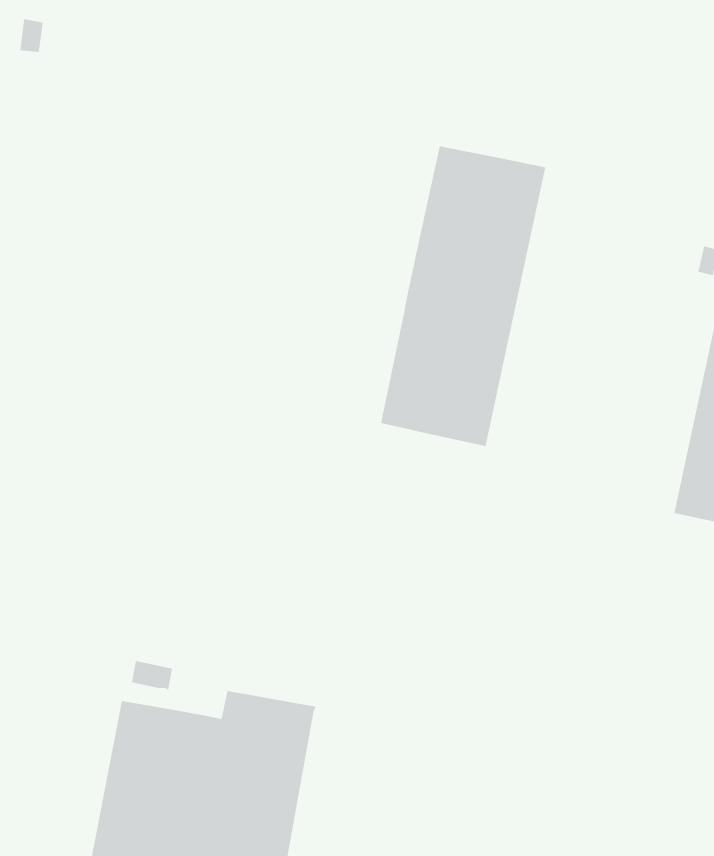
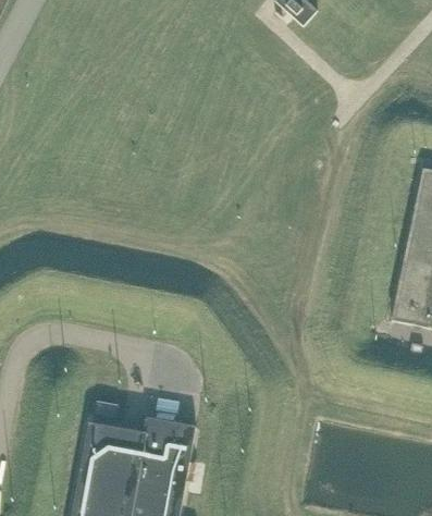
building: [380,145,546,447] -> none

